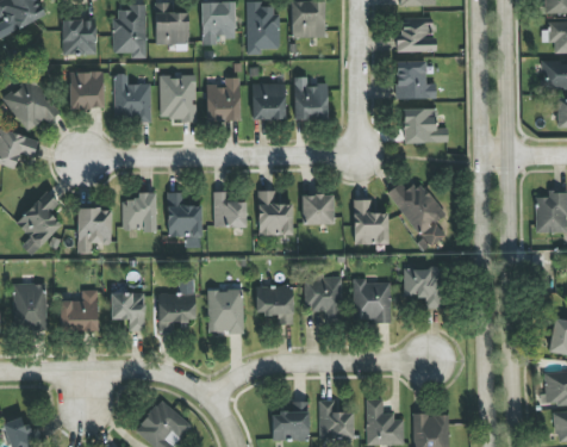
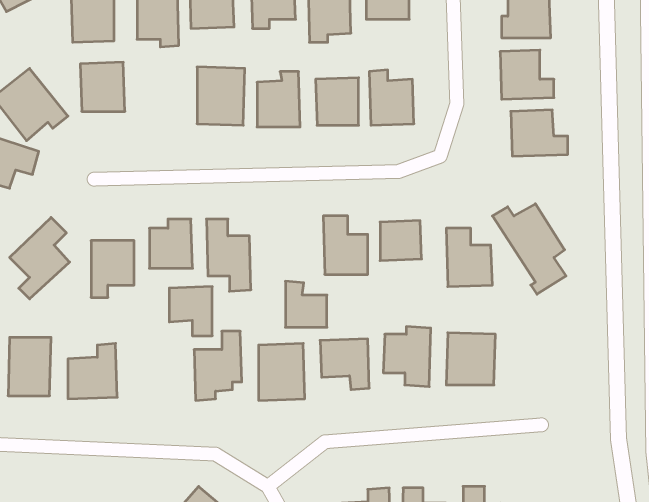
building: [113,73,151,120] -> none
building: [213,191,245,226] -> [285,281,327,327]
building: [403,268,440,308] -> none
building: [111,292,144,330] -> [169,287,212,336]

